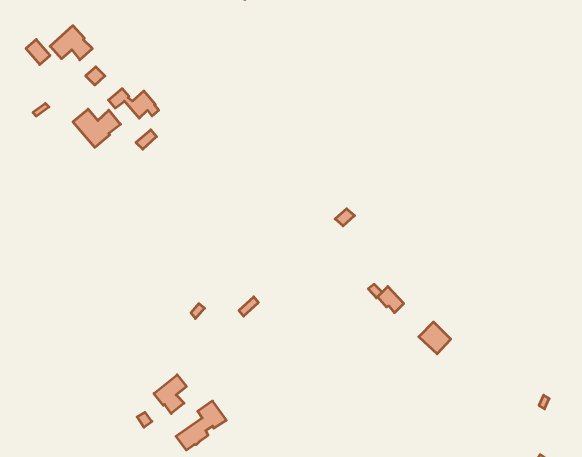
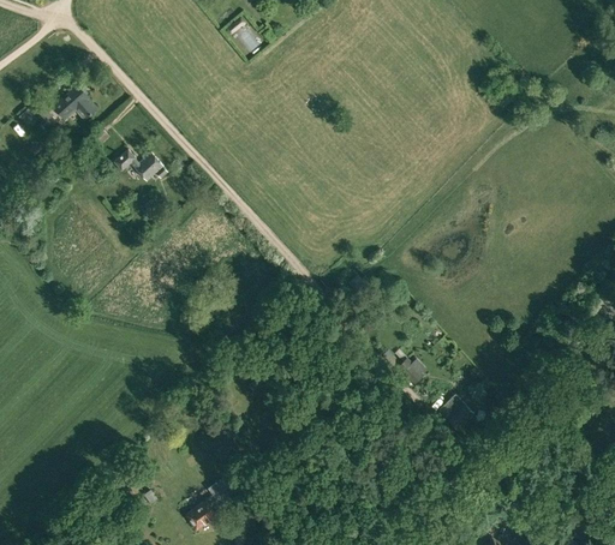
building: [73,109,121,147] -> none
building: [154,375,186,414] -> none

